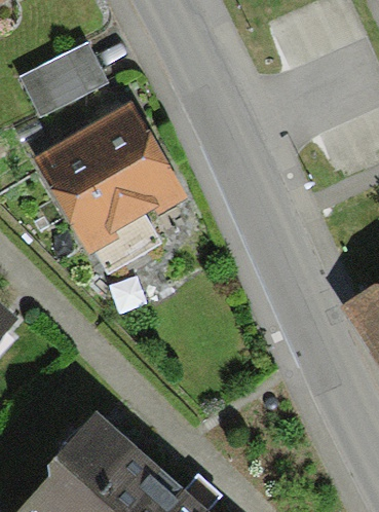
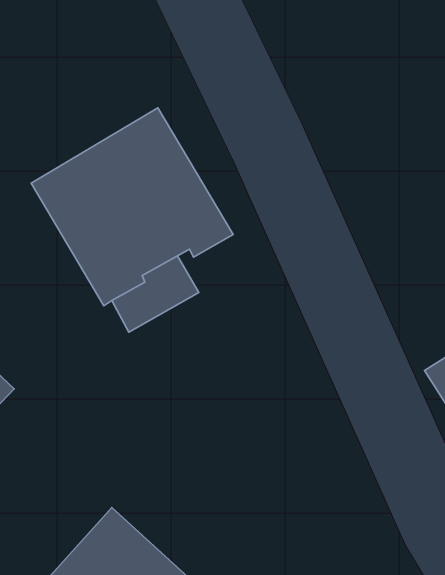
building: [21,43,109,116] -> none

